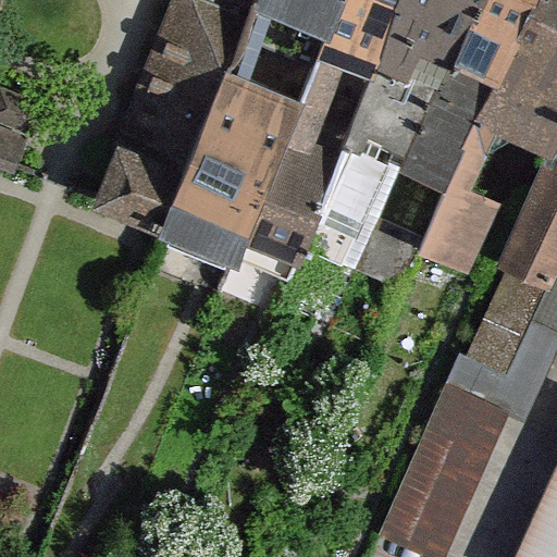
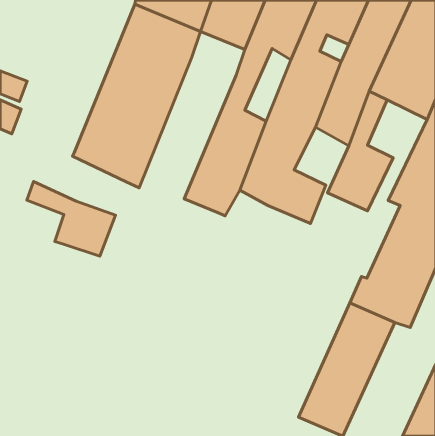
building: [178,73,302,262] -> none
building: none -> [27,182,115,256]

